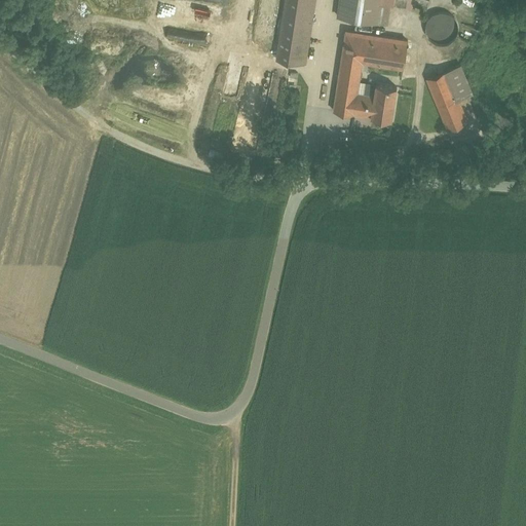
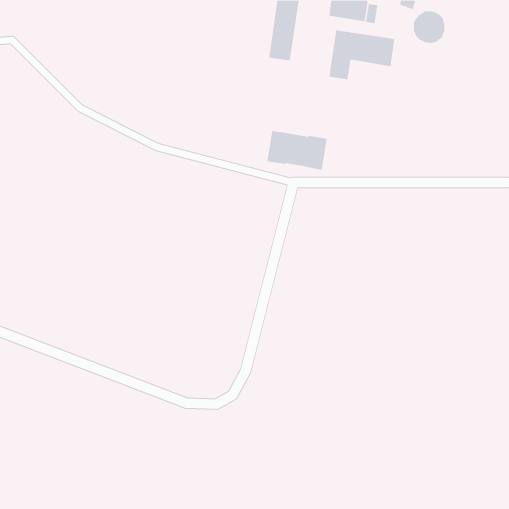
building: [426,66,471,132] -> none
building: [333,80,396,121] -> [267,130,327,170]

